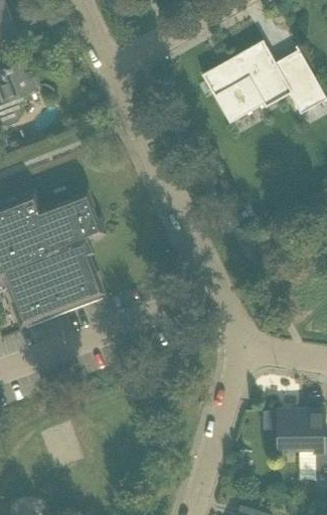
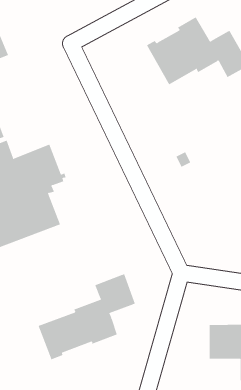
building: none -> [38,273,136,360]

